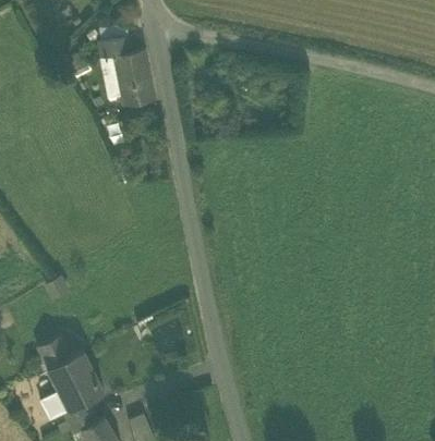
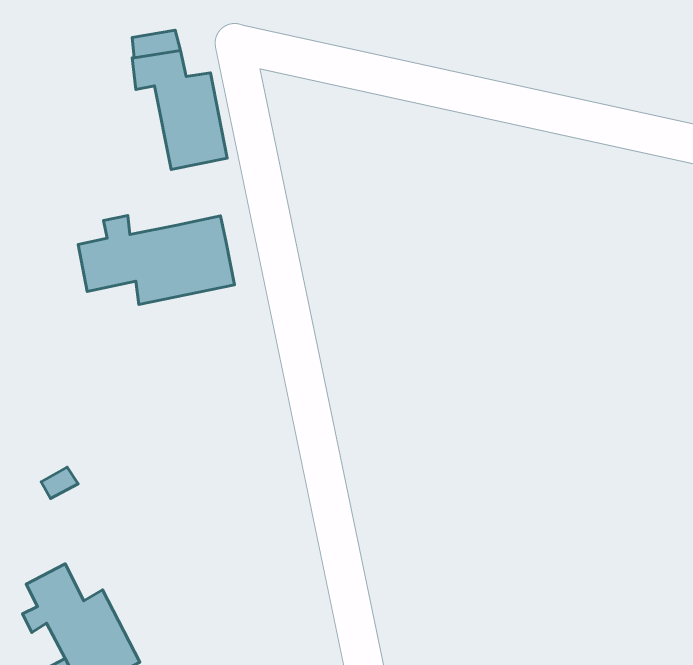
building: none -> [78,215,235,304]

